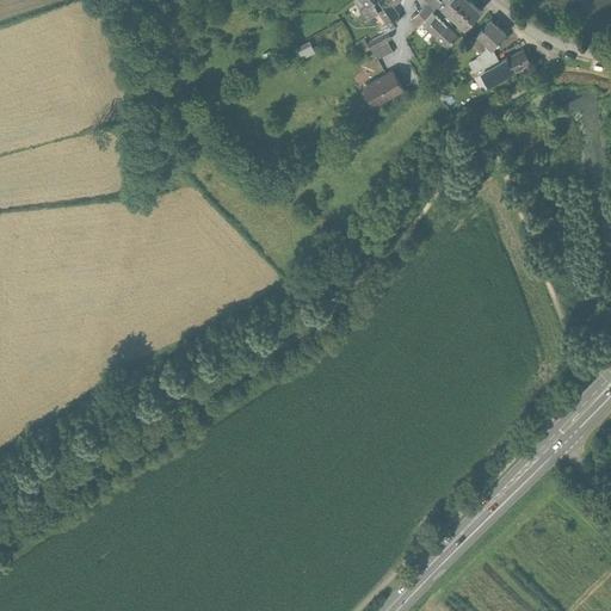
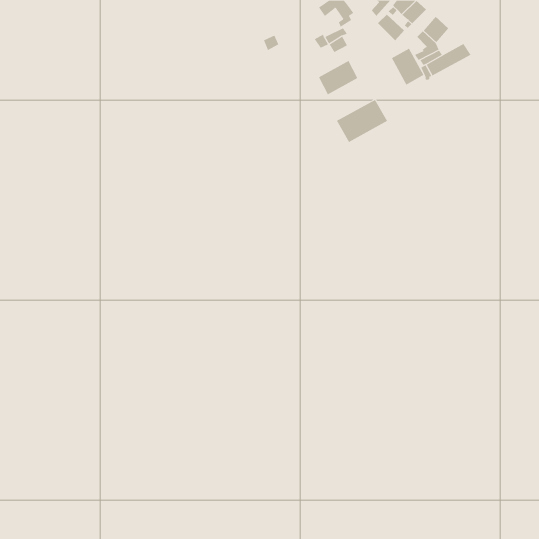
building: none -> [391,48,424,85]
building: none -> [336,99,388,143]

